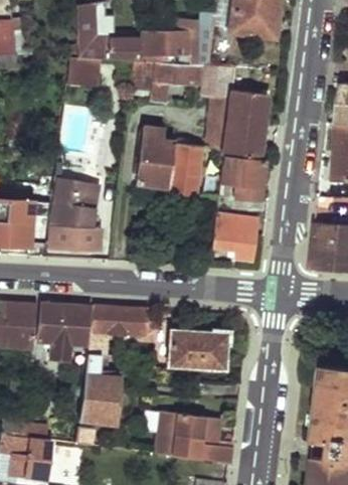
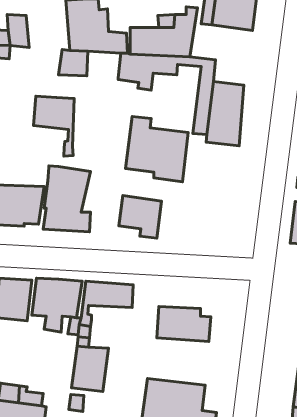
building: none -> [33,96,74,156]
building: [221,157,266,201] -> none
building: [212,215,257,261] -> [119,196,161,238]

